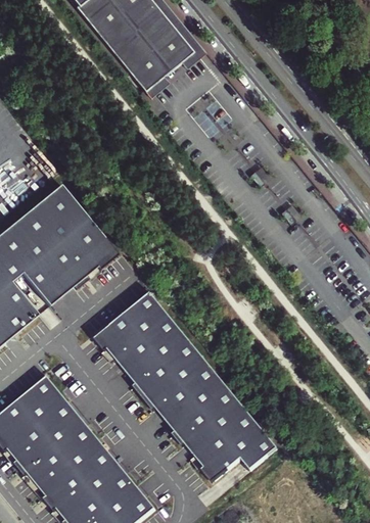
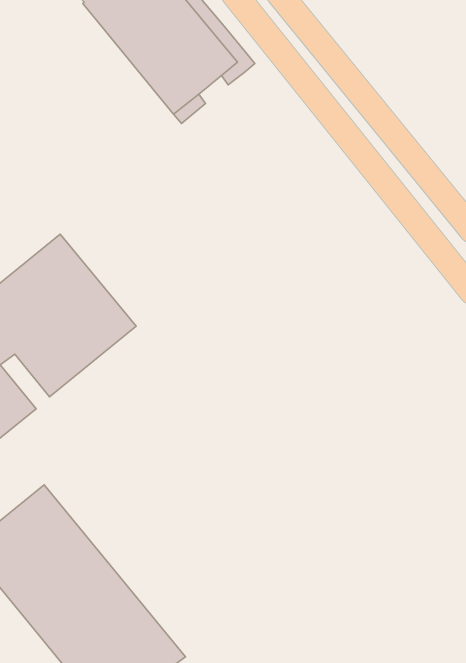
building: [95,292,275,479] -> none

